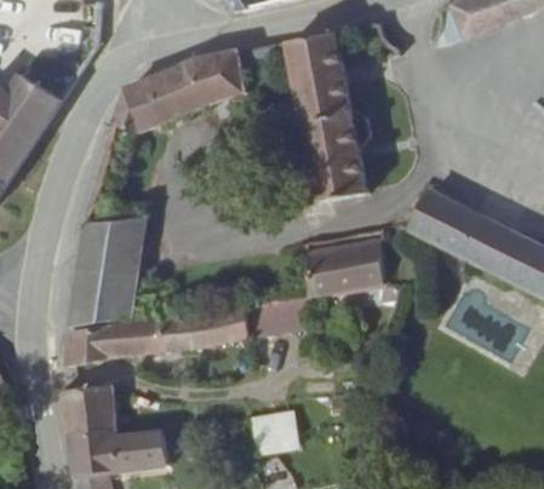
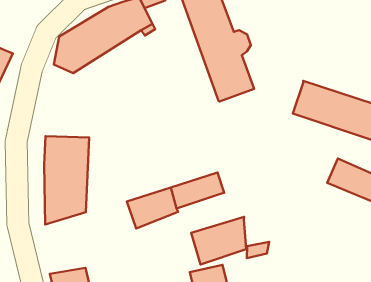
building: [310,236,382,289] -> [191,217,246,264]
building: [68,312,189,370] -> none

